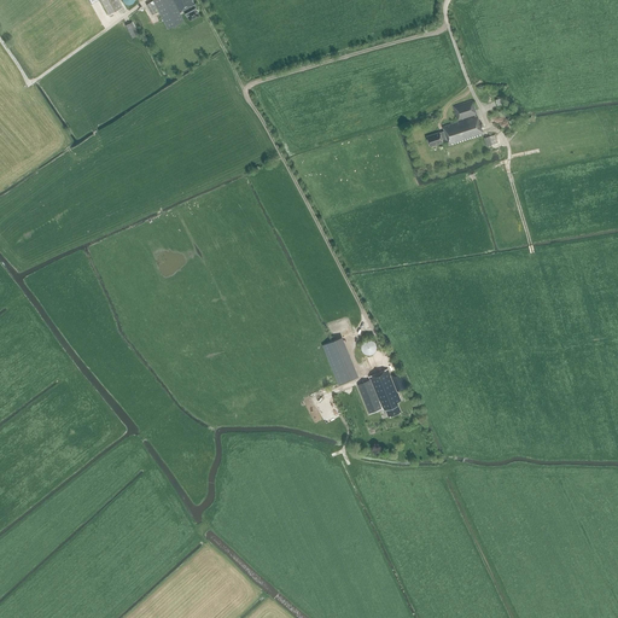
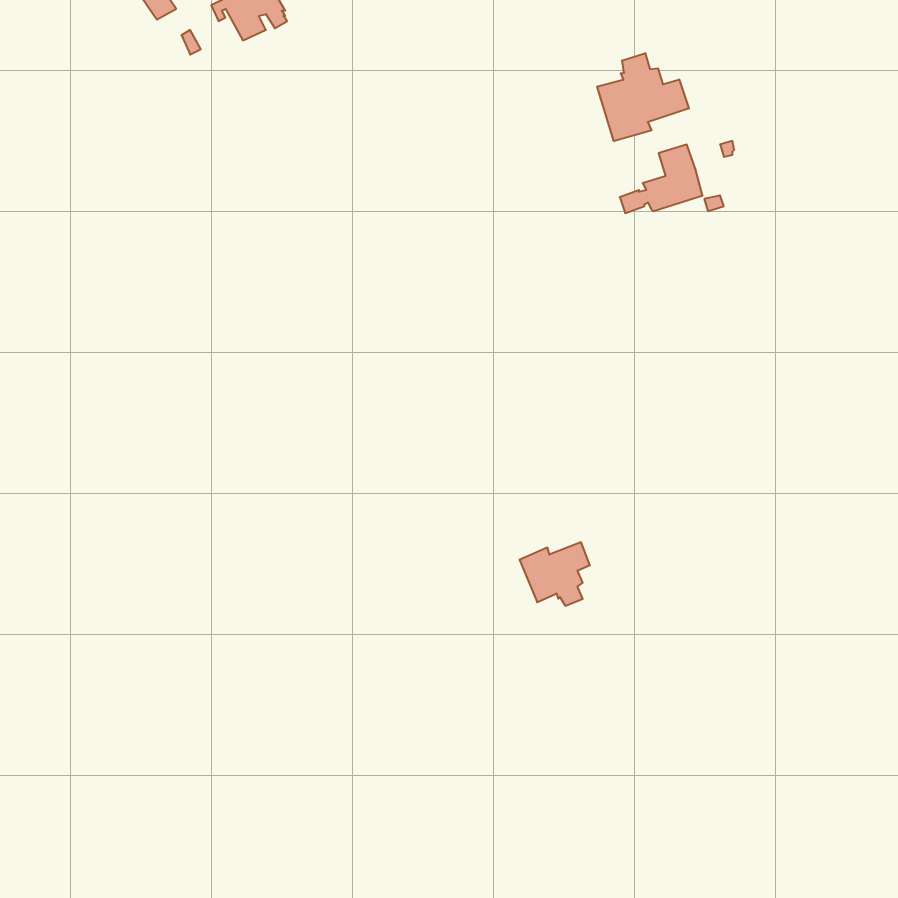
building: none -> [597,53,689,141]
building: [321,334,357,383] -> none

